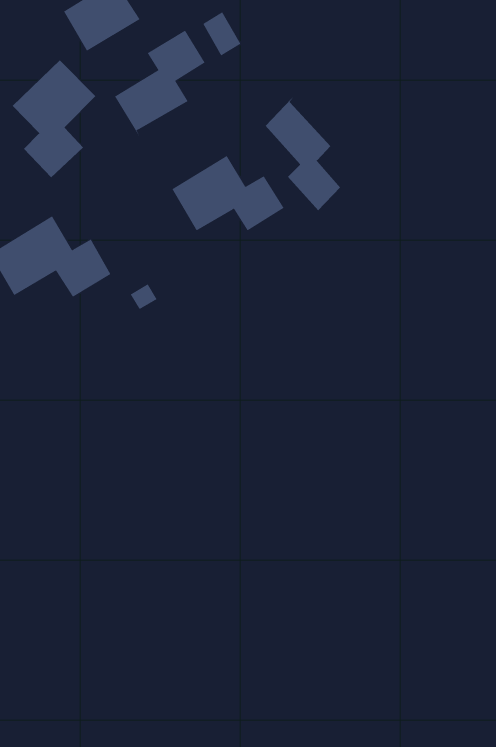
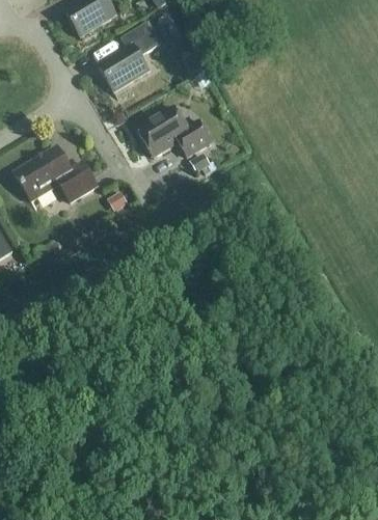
building: [12,60,96,178] -> none
building: [265,91,341,211] -> none

